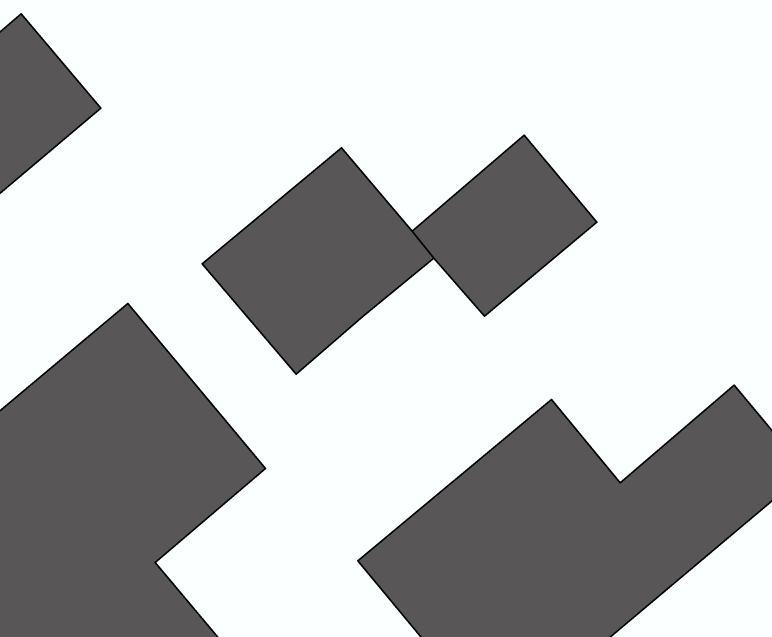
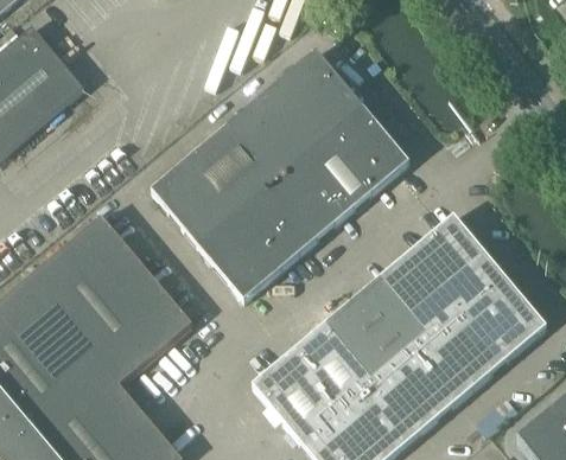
building: none -> [241,50,361,167]
building: none -> [211,185,335,300]
building: none -> [379,215,498,332]

